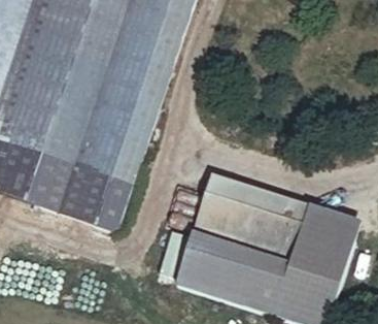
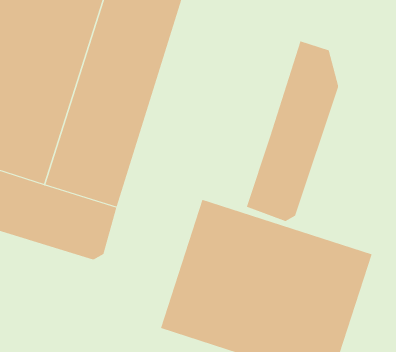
building: none -> [246,41,339,222]

